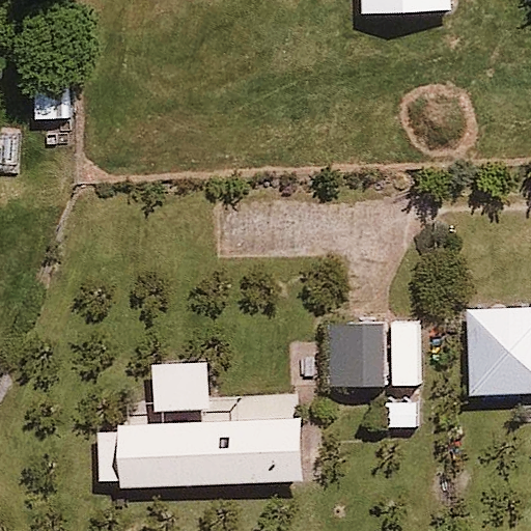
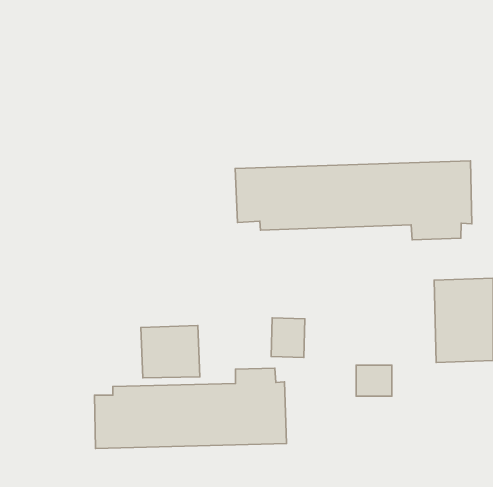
building: none -> [235,161,472,240]
building: [332,318,389,384] -> none

